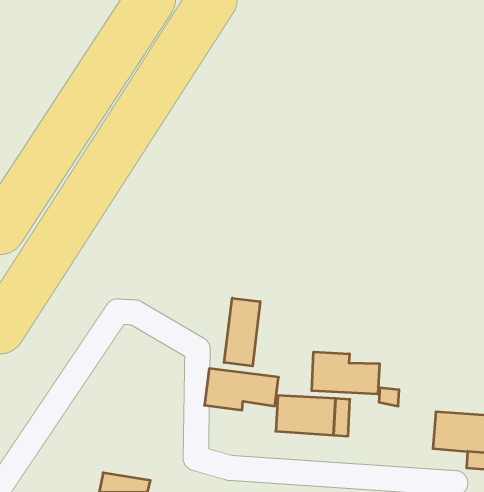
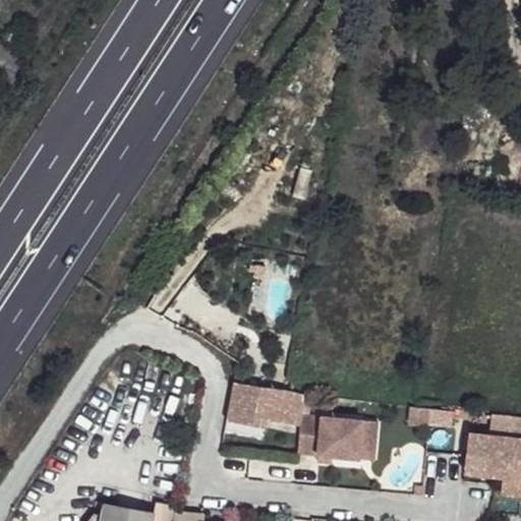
building: [224,298,260,366] -> none
building: [312,352,379,394] -> none

